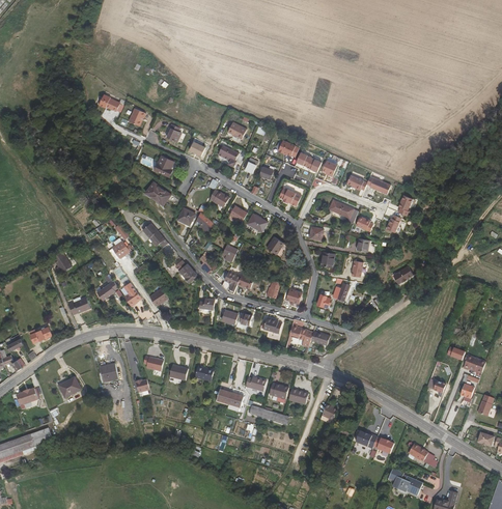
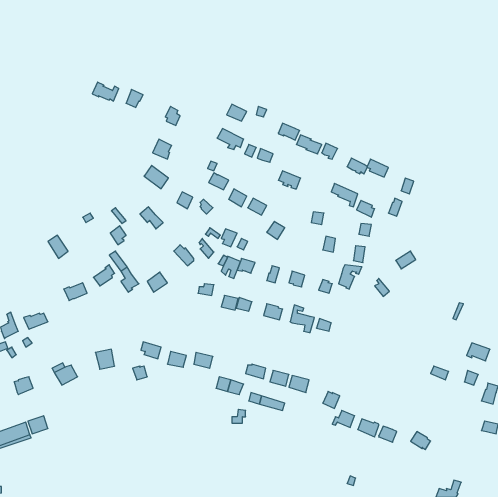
building: [388,468,423,494] -> none

